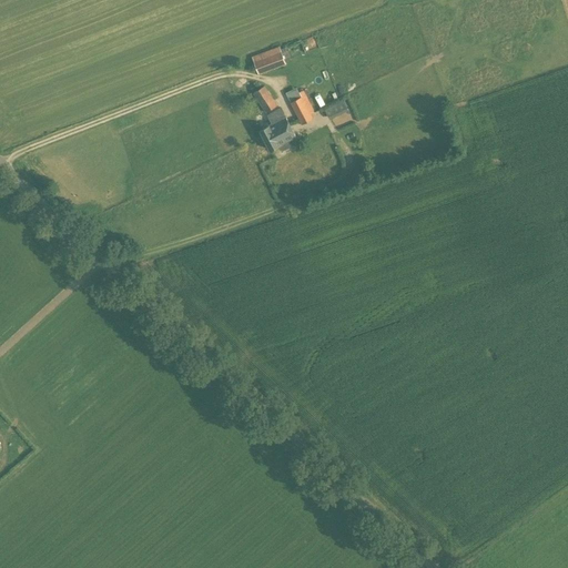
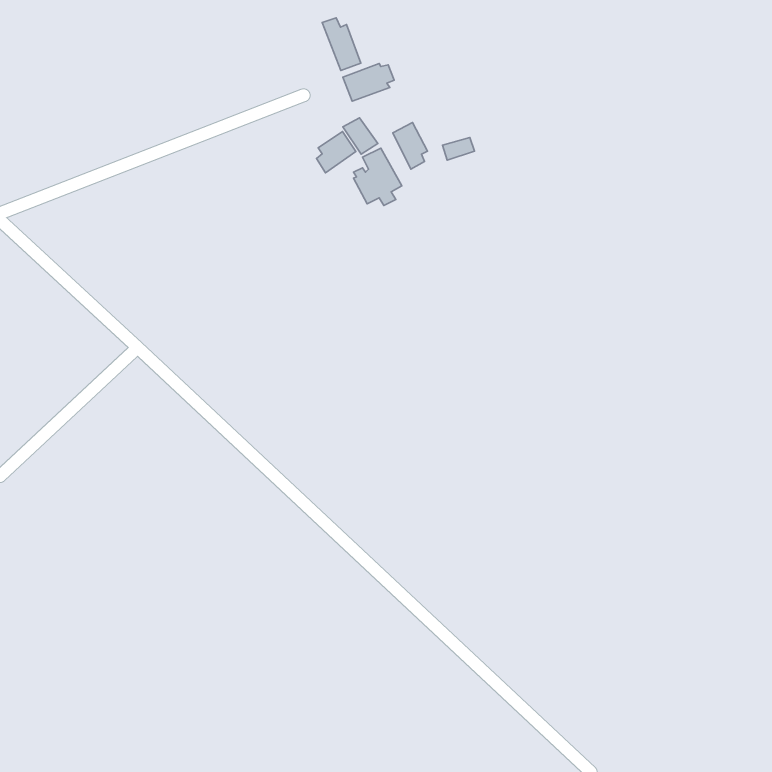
building: none -> [322,18,361,70]
building: none -> [317,131,356,173]

